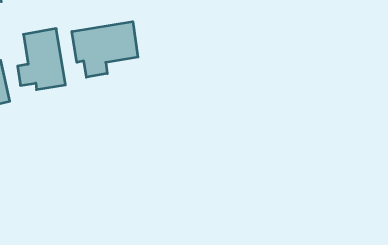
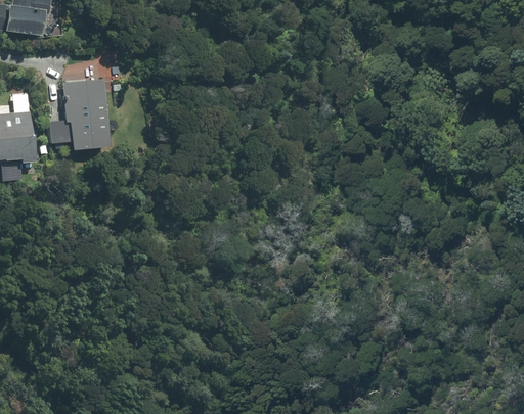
building: [72,22,138,77] -> none

